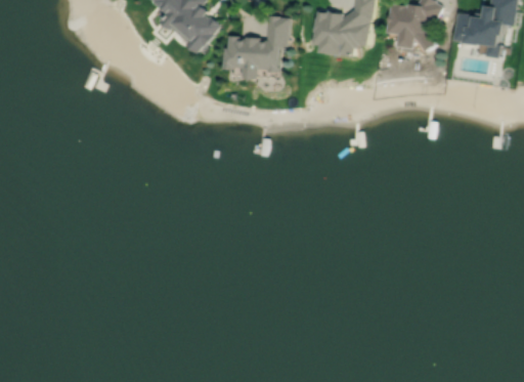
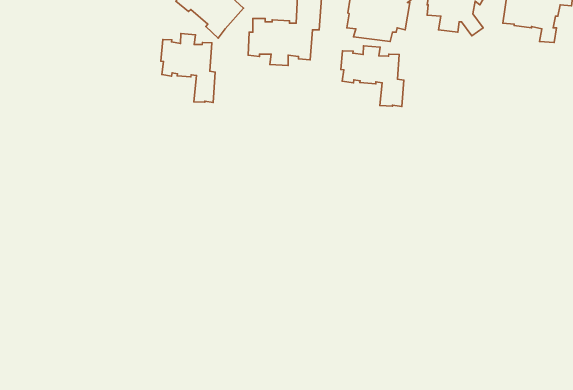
building: none -> [161,34,215,103]
building: none -> [341,46,404,107]

